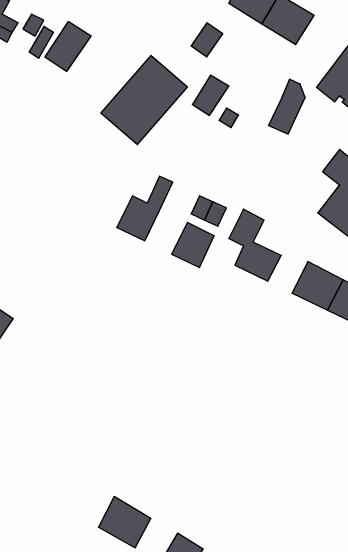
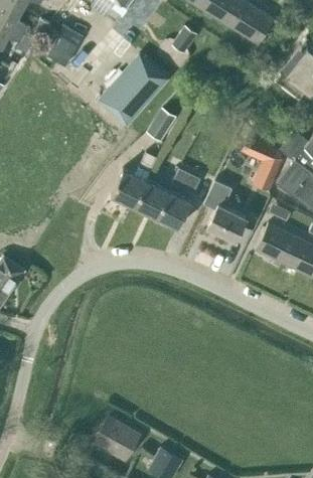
building: [192,75,229,115] -> [147,108,177,141]
building: [269,79,305,134] -> [253,144,283,189]
building: none -> [134,181,169,217]

